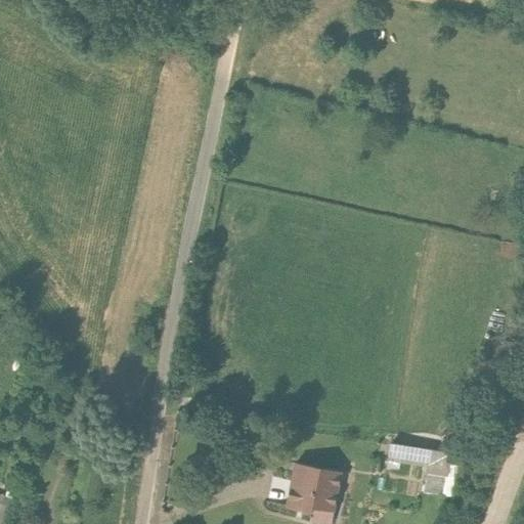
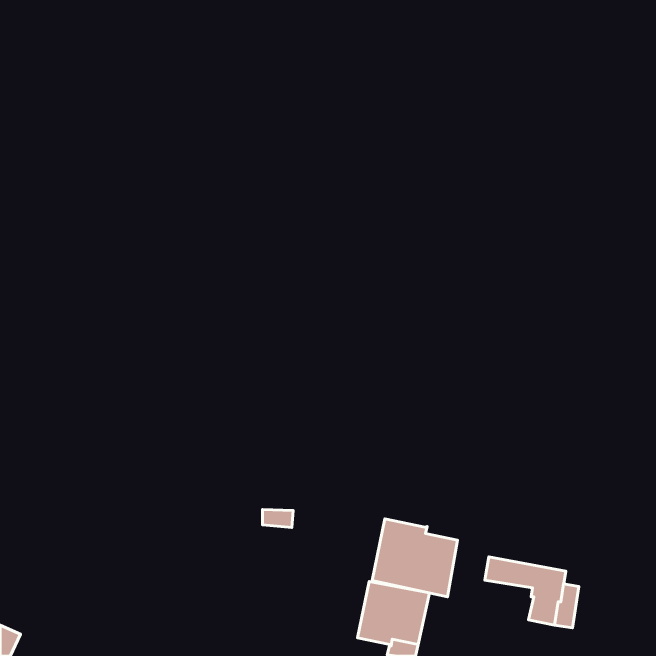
building: none -> [372,519,458,597]

